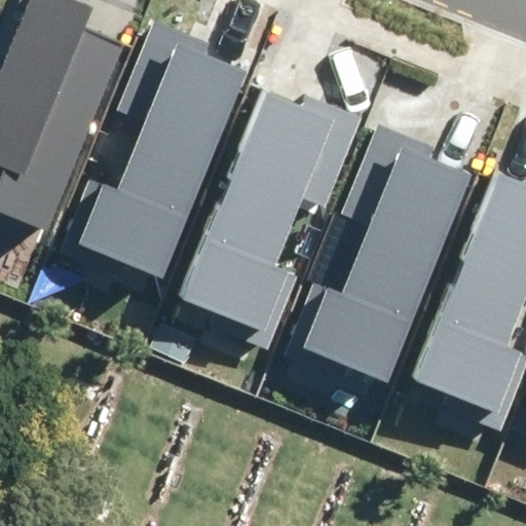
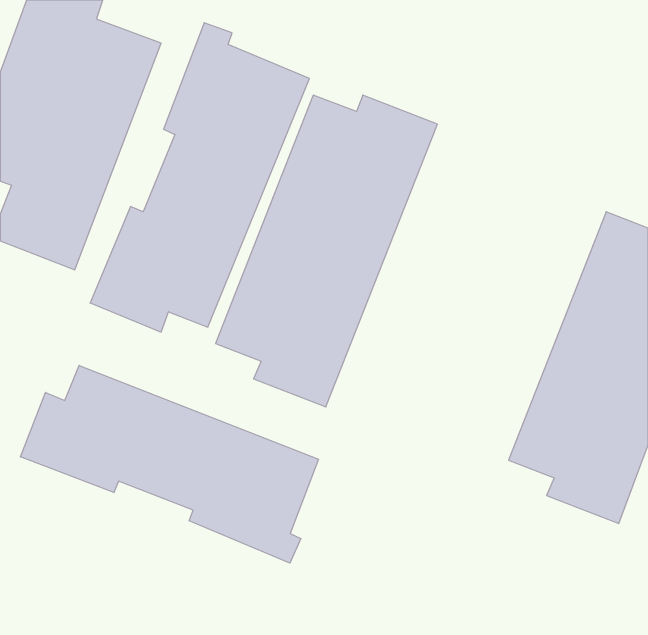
building: [294,130,472,382] -> none
building: none -> [20,365,318,563]

